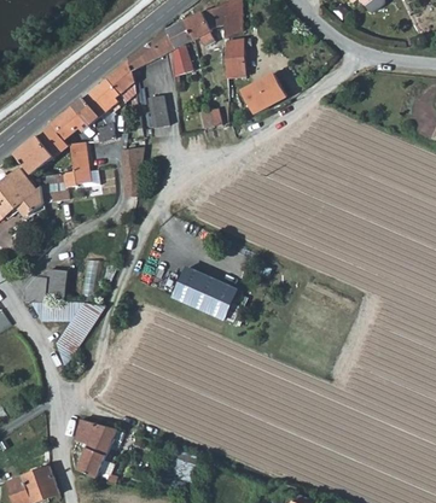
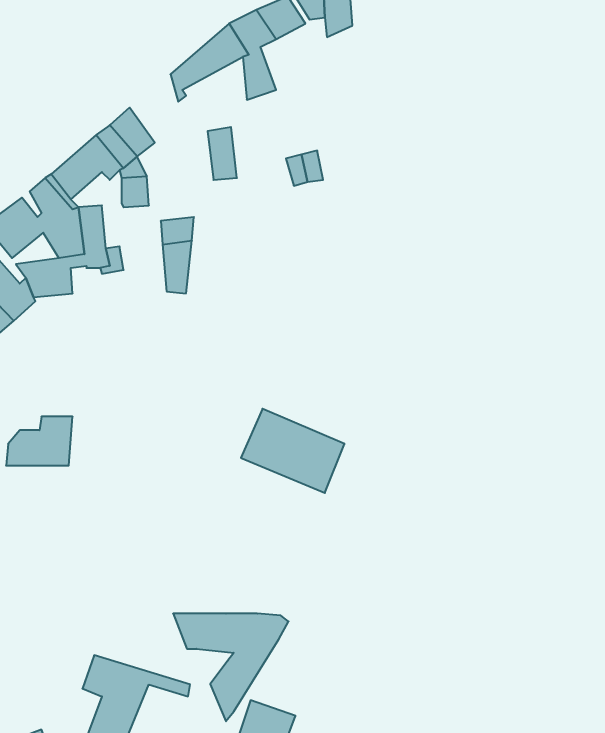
building: [225,39,244,78] -> none
building: [103,62,133,98] -> none
building: [240,75,284,112] -> none
building: [31,303,103,369] -> [173,614,289,721]

